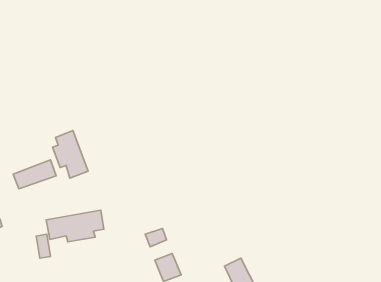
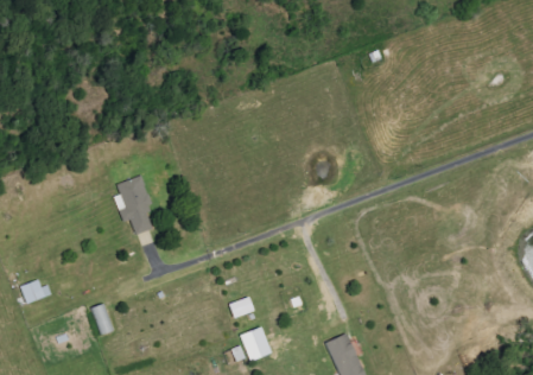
building: [13,160,56,189] -> none
building: [46,210,104,242] -> none

